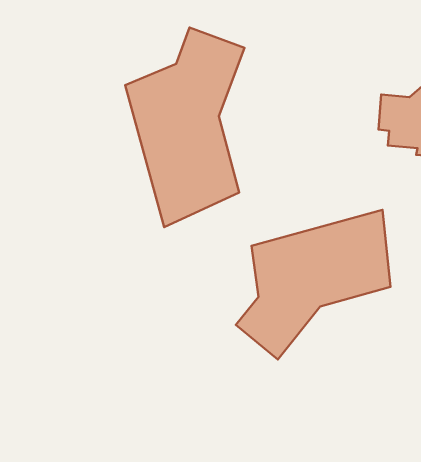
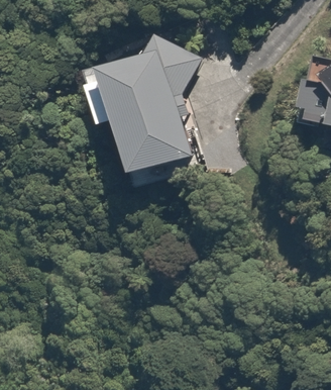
building: [236,210,390,359] -> none

